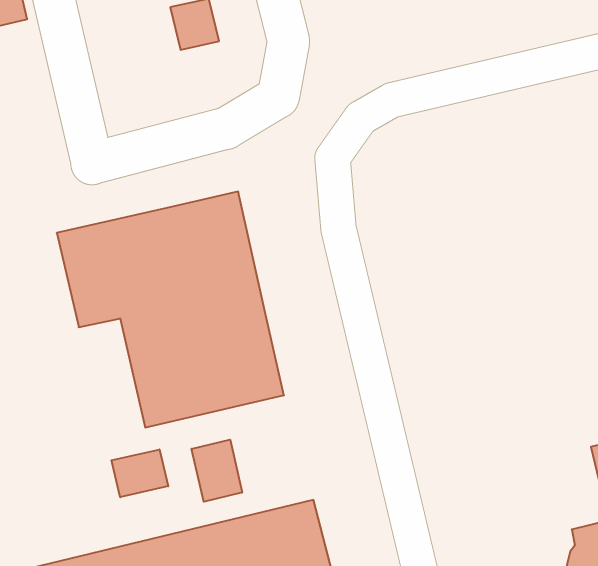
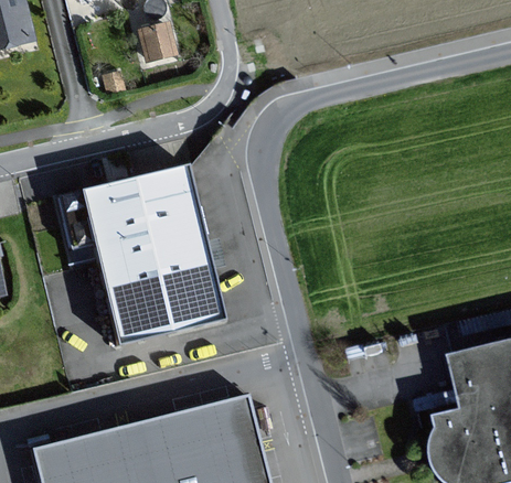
building: [192,440,242,502] -> none
building: [111,449,168,497] -> none

